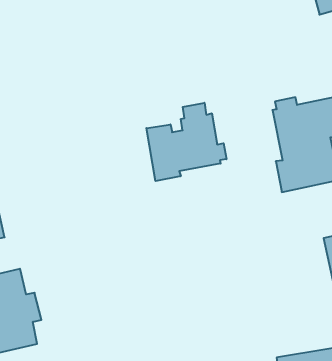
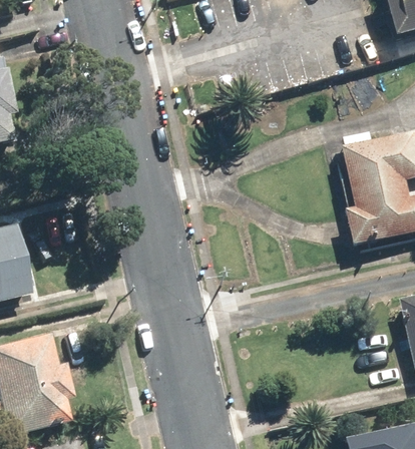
building: [146,103,226,181] -> none

